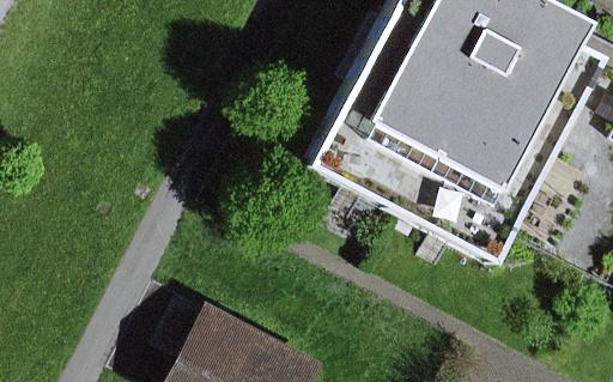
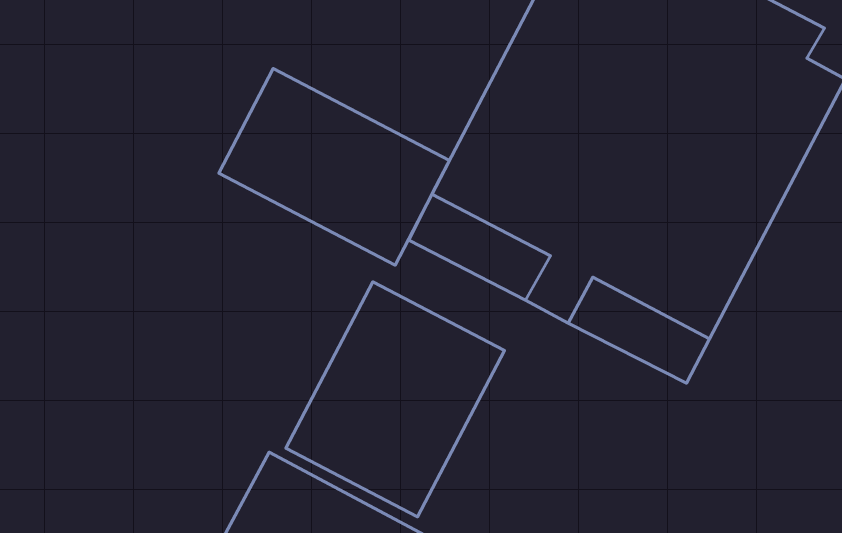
building: none -> [219,69,449,265]
building: none -> [286,282,504,517]

